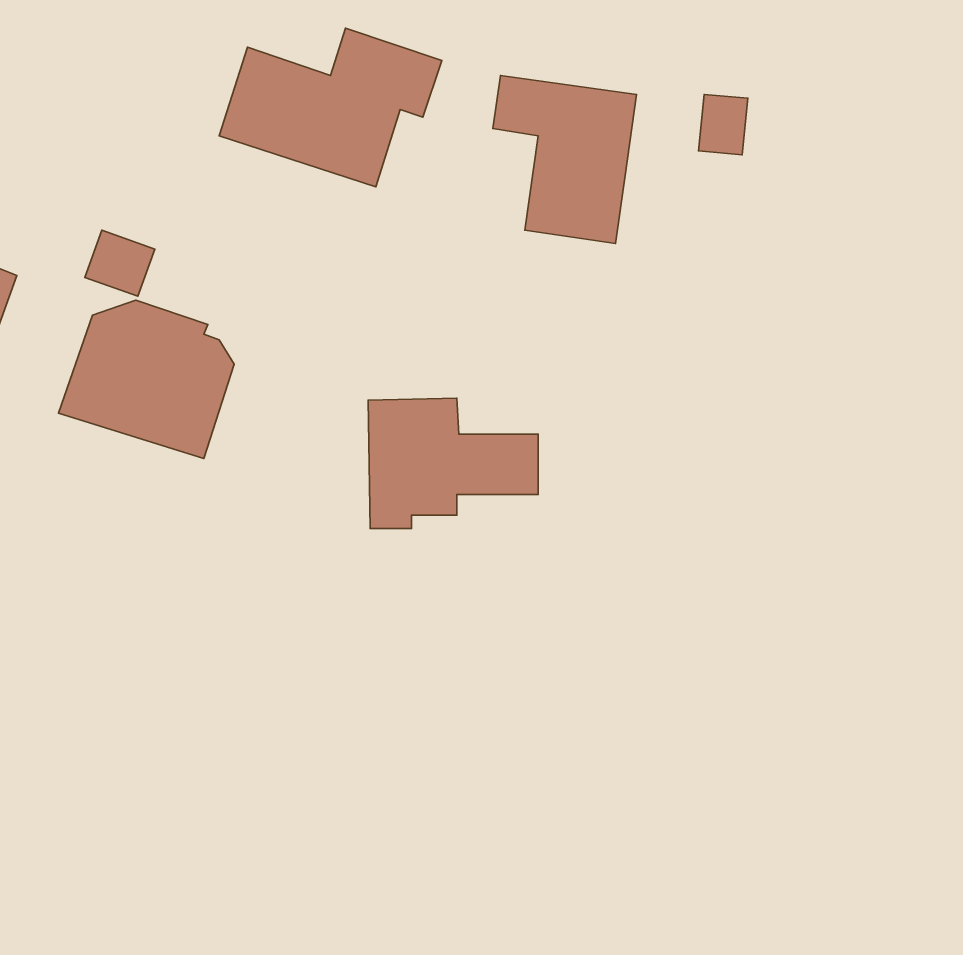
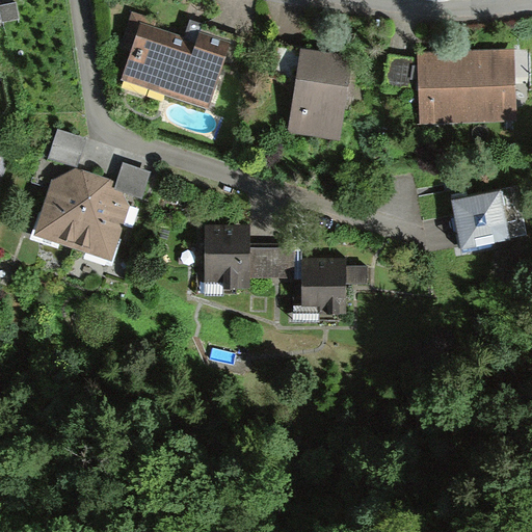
building: none -> [418,53,514,122]
building: none -> [112,162,152,200]
building: none -> [451,188,526,257]
building: none -> [292,259,367,325]

